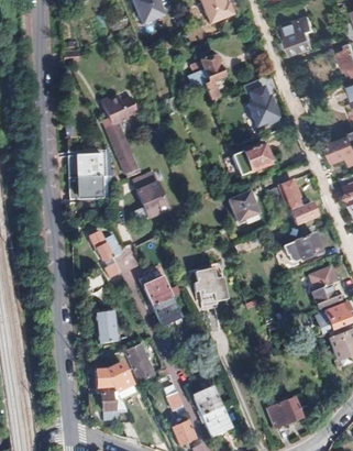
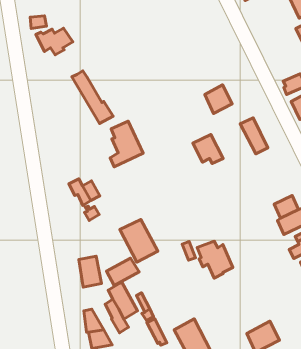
building: [191,54,224,100] -> none
building: [245,81,284,127] -> none
building: [100,97,139,124] -> [36,28,73,55]
building: [69,154,106,201] -> none
building: [282,235,319,264] -> none
building: [196,265,232,305] -> [197,241,233,278]
building: none -> [106,258,139,285]

